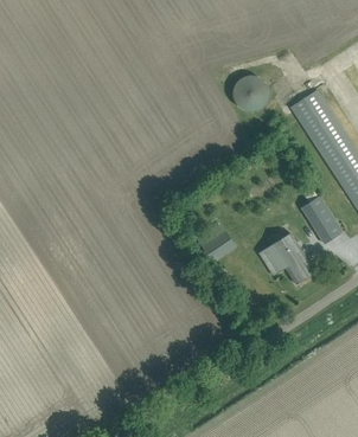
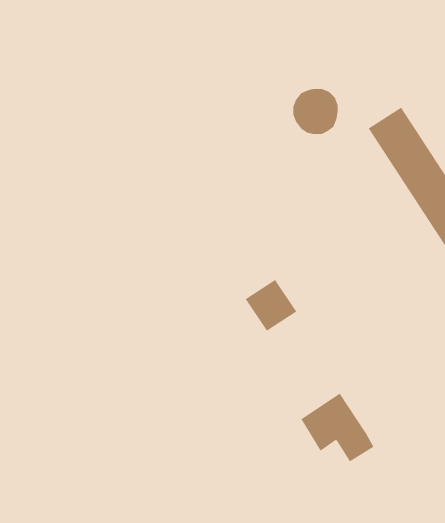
building: [301,184,343,244] -> none
building: [258,231,315,284] -> [300,393,374,462]

